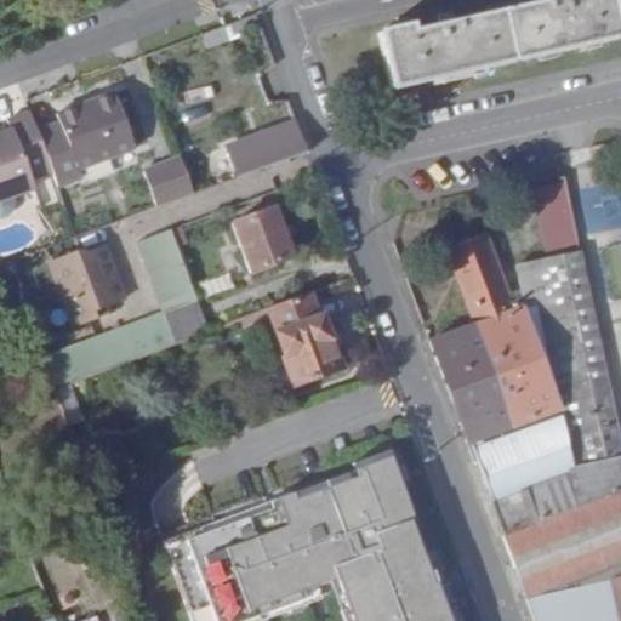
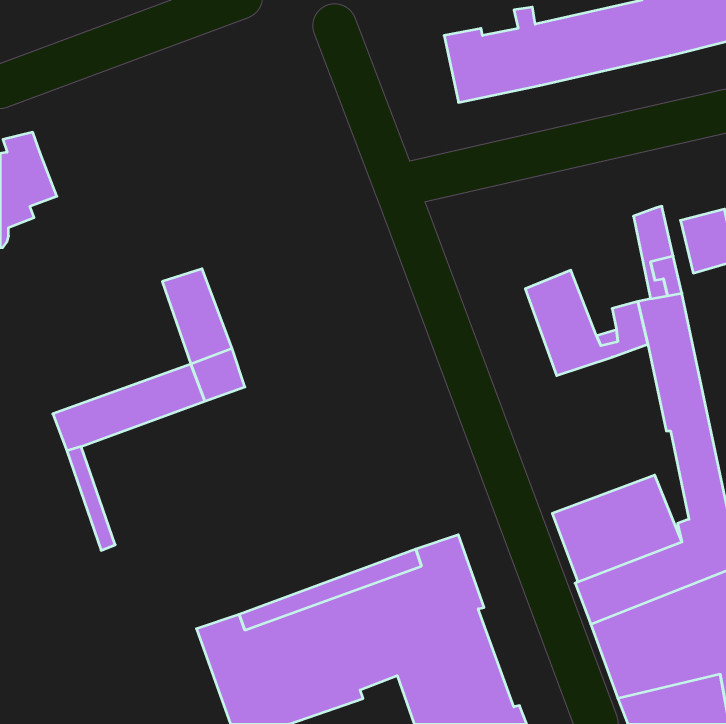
building: [35,92,132,184] -> none
building: [230,120,309,175] -> none
building: [147,153,195,203] -> none
building: [233,205,294,272] -> none
building: [51,245,124,325] -> none
building: [269,294,341,381] -> none
building: [431,304,560,439] -> none

